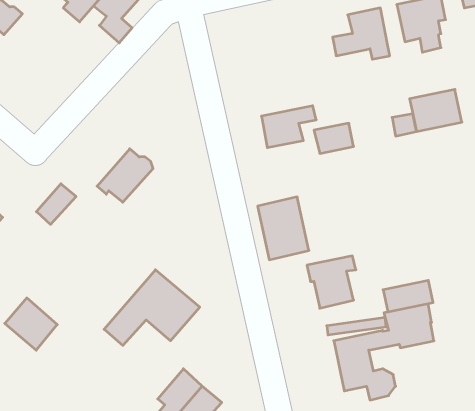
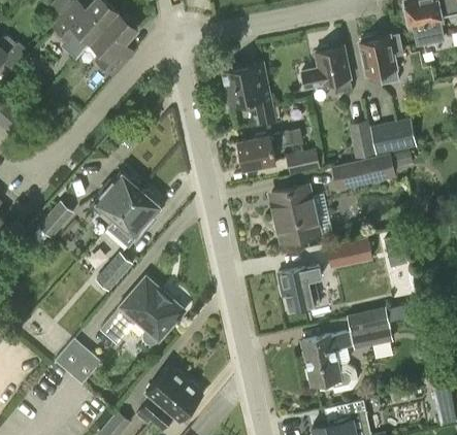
building: none -> [223,63,274,124]
building: none -> [332,149,413,189]
building: none -> [106,188,162,246]
building: [258,197,309,260] -> [272,186,318,241]
building: none -> [96,252,133,291]
building: [383,280,433,312] -> [327,238,371,266]
building: [5,298,57,350] -> [55,337,101,383]

